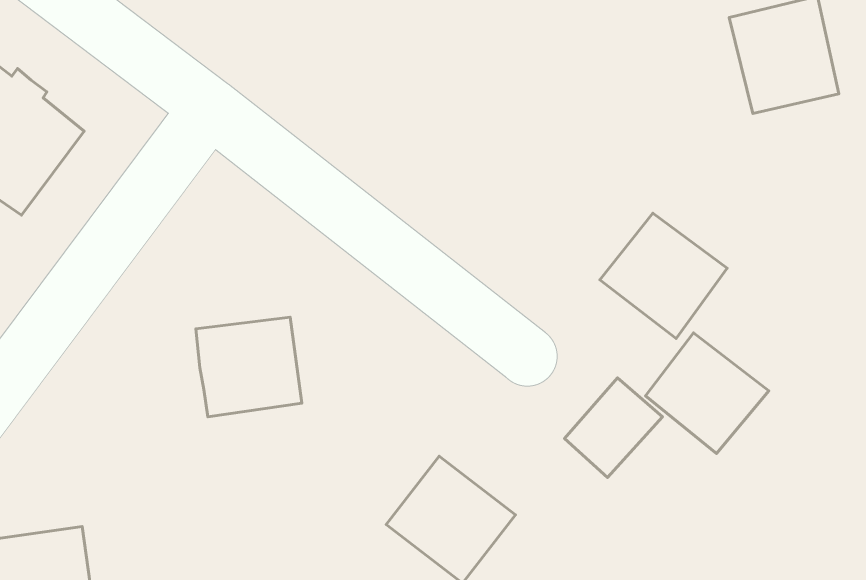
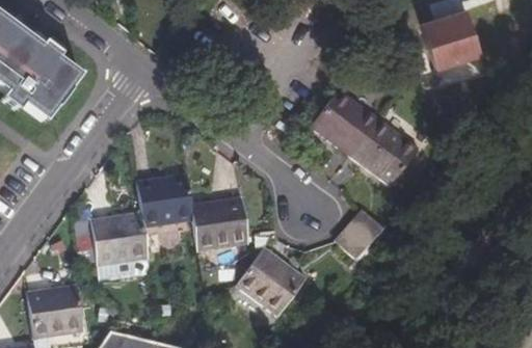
building: none -> [314,89,378,153]
building: [645,333,769,454] -> none
building: none -> [190,195,248,249]
building: none -> [90,211,148,265]

